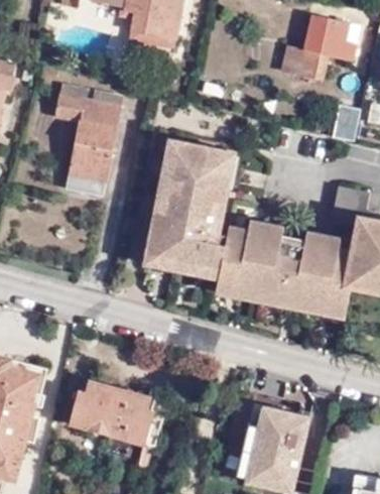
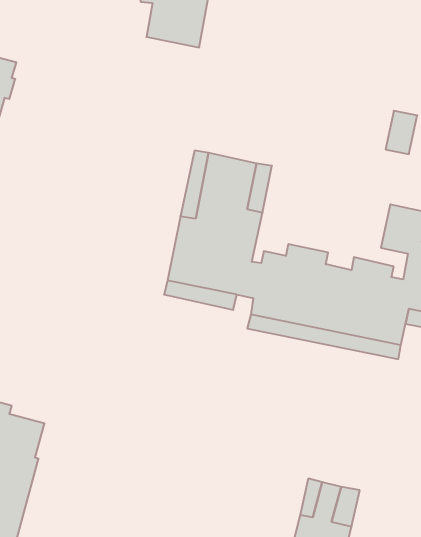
building: [281,16,359,81] -> none
building: [53,93,121,182] -> none
building: [70,380,152,445] -> none

